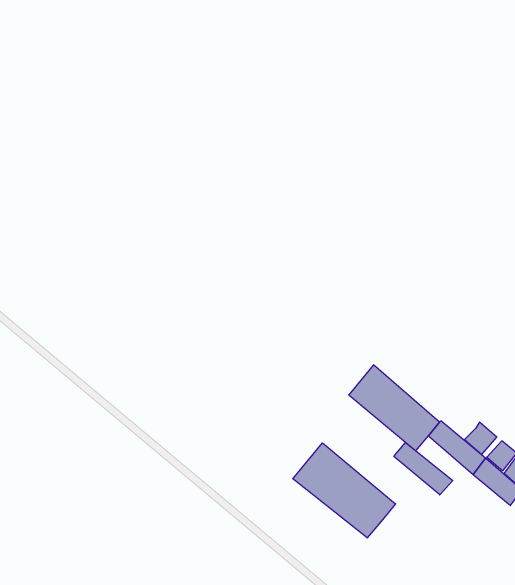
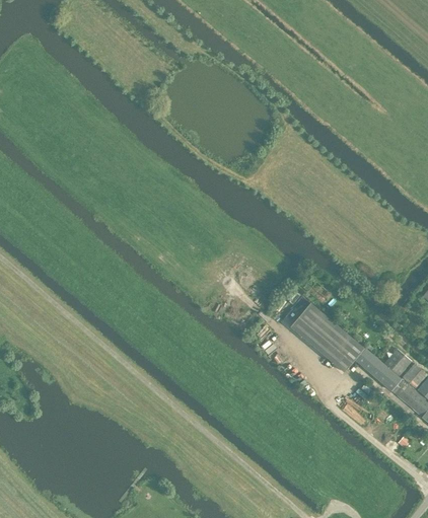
building: [394,442,453,495] -> none
building: [293,443,396,538] -> none

